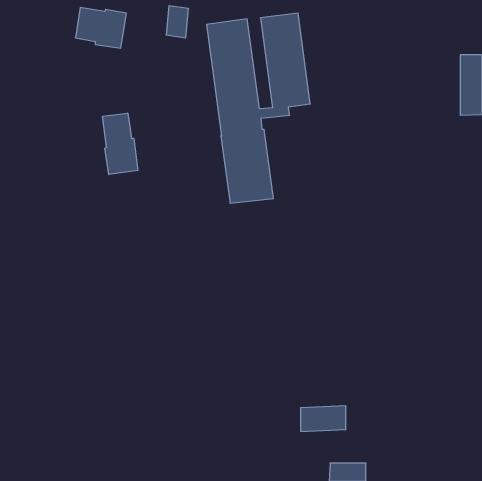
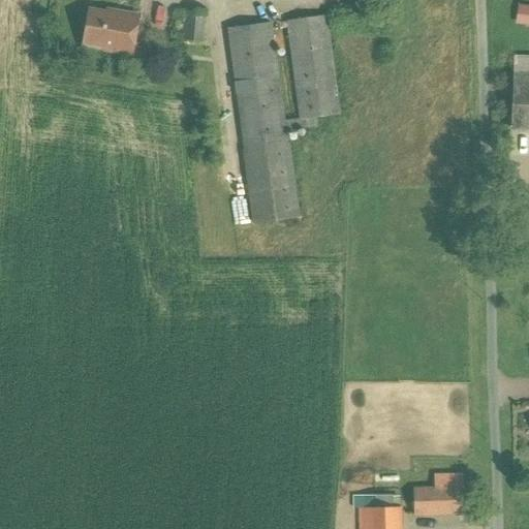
building: [103,113,138,175] -> none
building: [301,406,346,431] -> [415,486,465,514]

